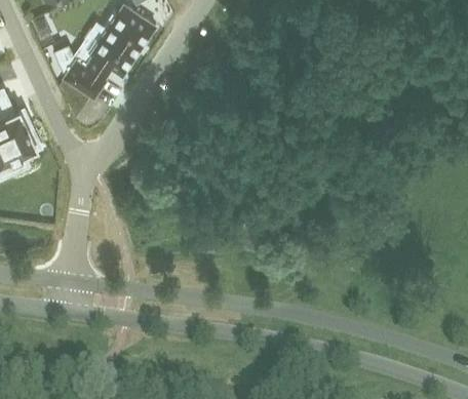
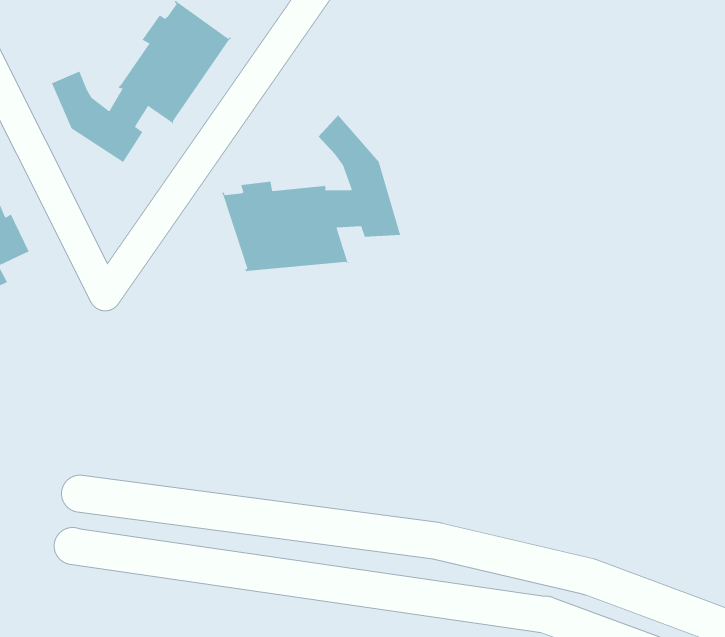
building: none -> [221,114,401,272]

